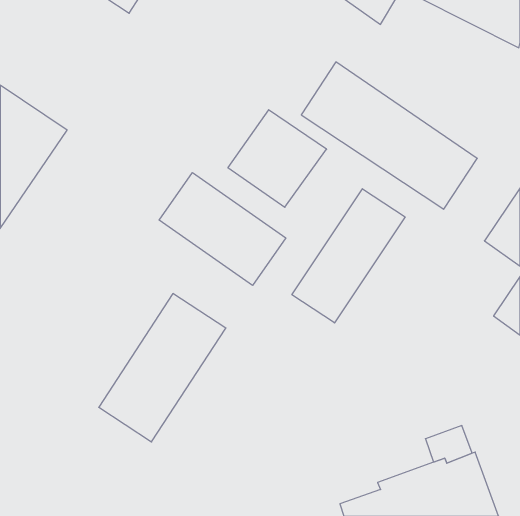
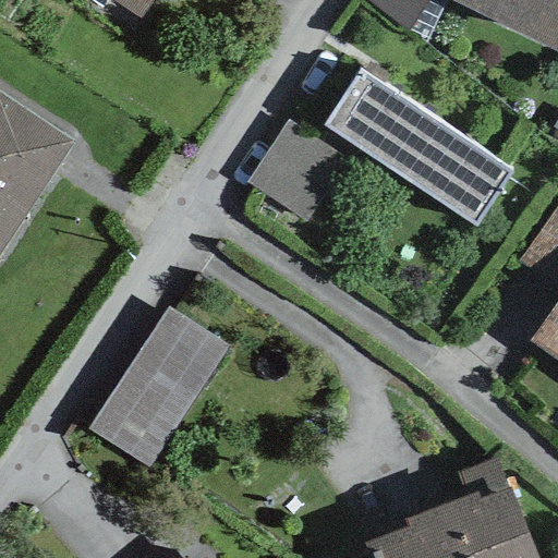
building: [159,173,286,285] -> none
building: [292,189,405,323] -> none

